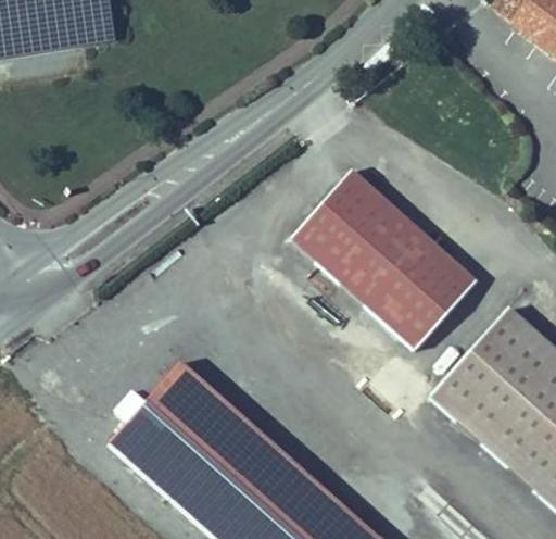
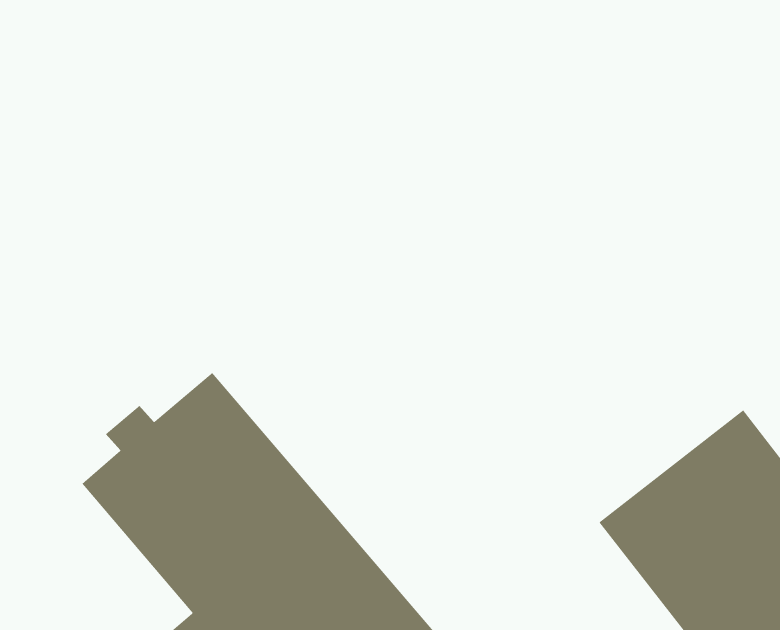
building: [293,173,480,356] -> none

